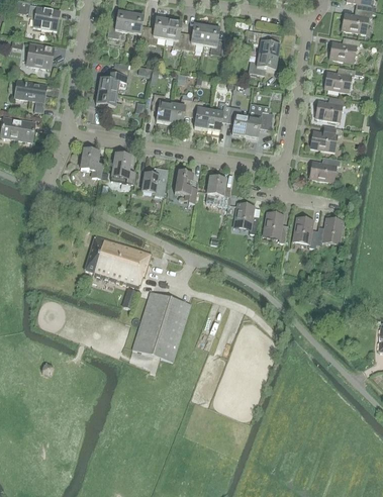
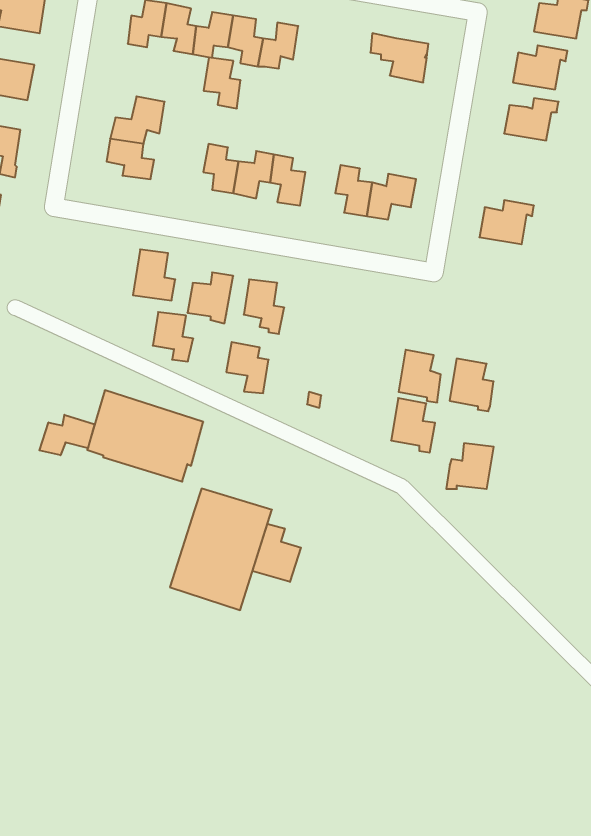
building: [202,25,223,55] -> [204,57,241,108]
building: [248,54,277,74] -> none
building: [314,95,346,120] -> none
building: [206,104,229,130] -> none
building: [80,148,103,177] -> [153,312,193,361]
building: [308,156,340,181] -> none
building: [206,176,230,205] -> [226,342,269,393]
building: [233,202,259,233] -> [391,398,435,453]
building: [315,217,343,243] -> [446,443,494,489]
building: none -> [39,415,95,455]
building: none -> [253,524,301,582]

